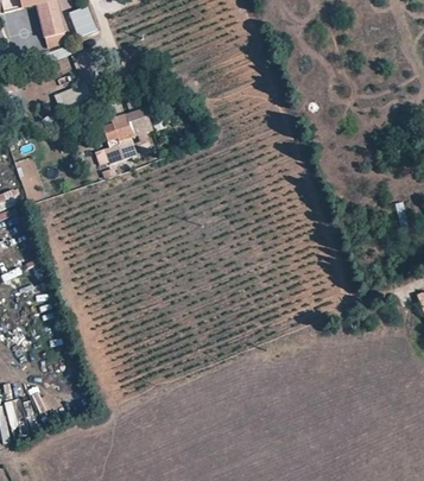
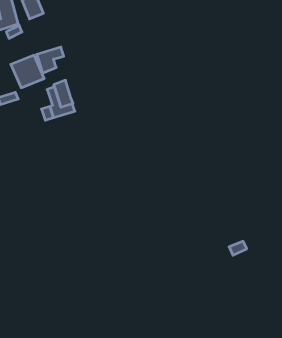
building: [126,105,160,138] -> [37,47,64,73]

